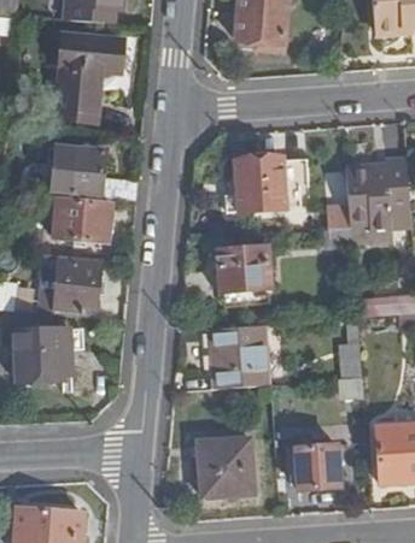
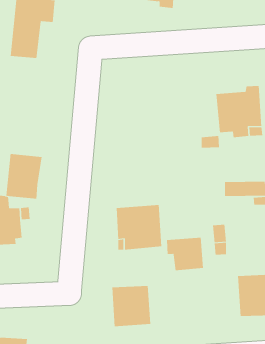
building: [52,148,104,199] -> none
building: [226,155,311,212] -> none
building: [53,201,111,246] -> none
building: [216,248,269,291] -> none
building: [287,442,340,489] -> [166,237,204,271]

